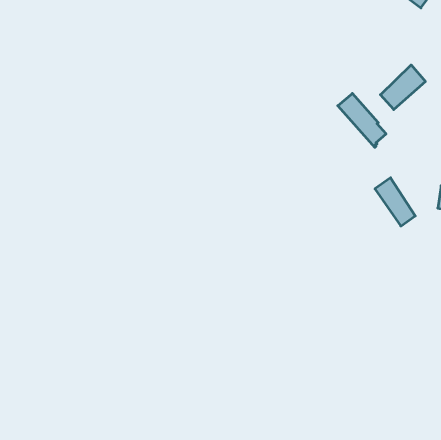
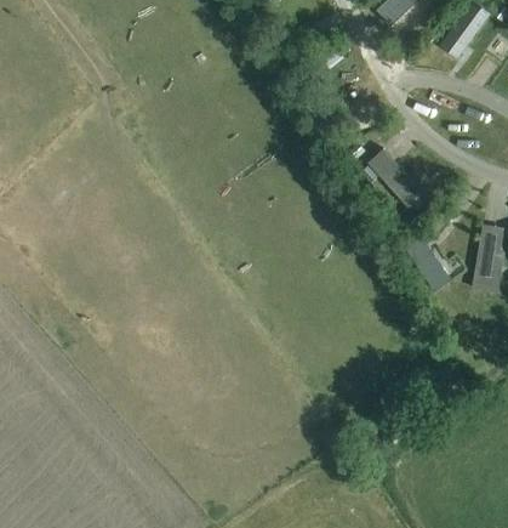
building: [380,65,425,110] -> none

